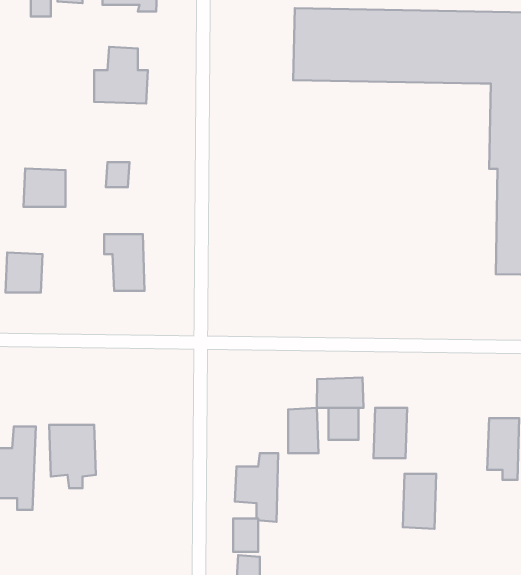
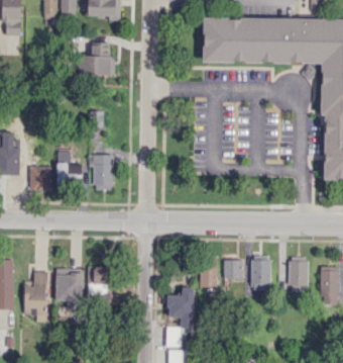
building: [24,169,65,207] -> [56,162,82,185]
building: [317,378,364,408] -> none
building: none -> [89,266,110,294]
building: [403,474,436,529] -> [289,258,309,291]

